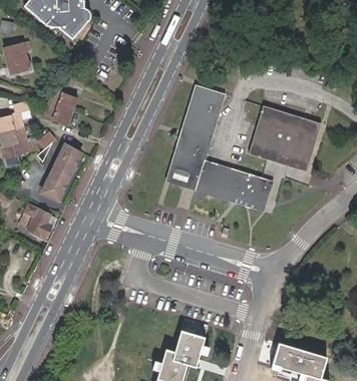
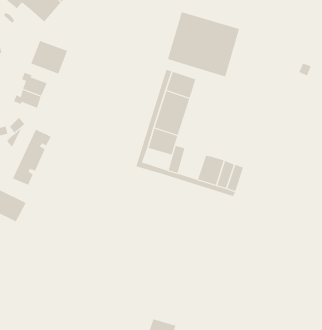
building: none -> [31,40,68,74]
building: [248,107,320,172] -> [167,11,240,77]
building: [170,163,200,185] -> none
building: [206,163,233,195] -> none

